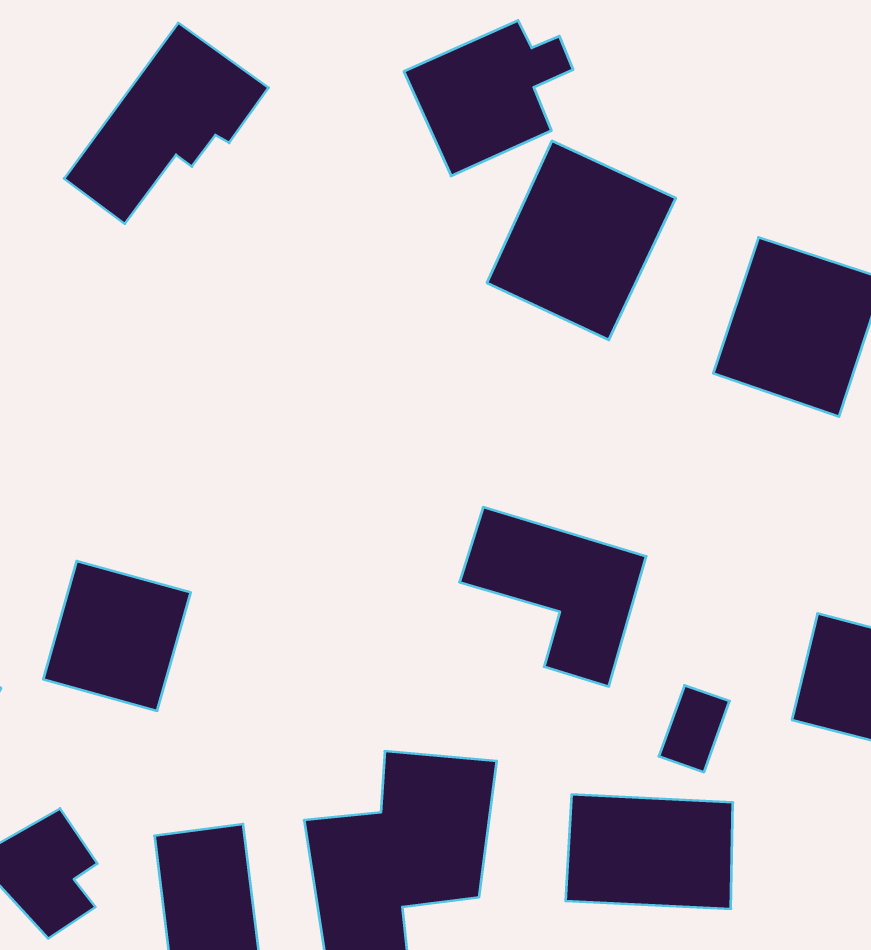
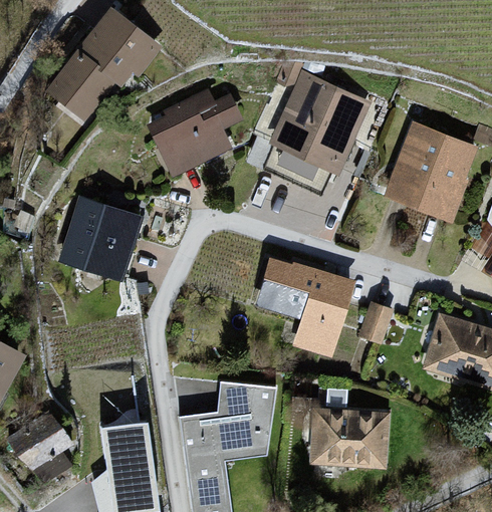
building: [404,20,573,176] -> [151,89,237,169]
building: [43,561,191,711] -> [63,200,139,276]
building: [659,685,730,772] -> [355,297,392,341]

